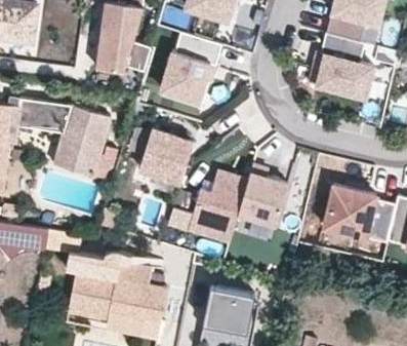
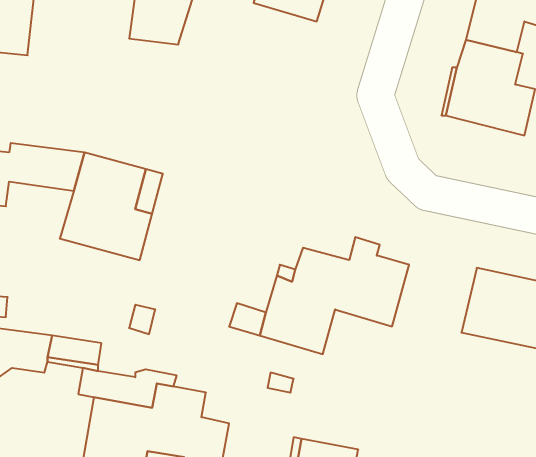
building: [95,32,151,73] -> none
building: [159,32,220,101] -> none
building: [138,130,192,183] -> none

